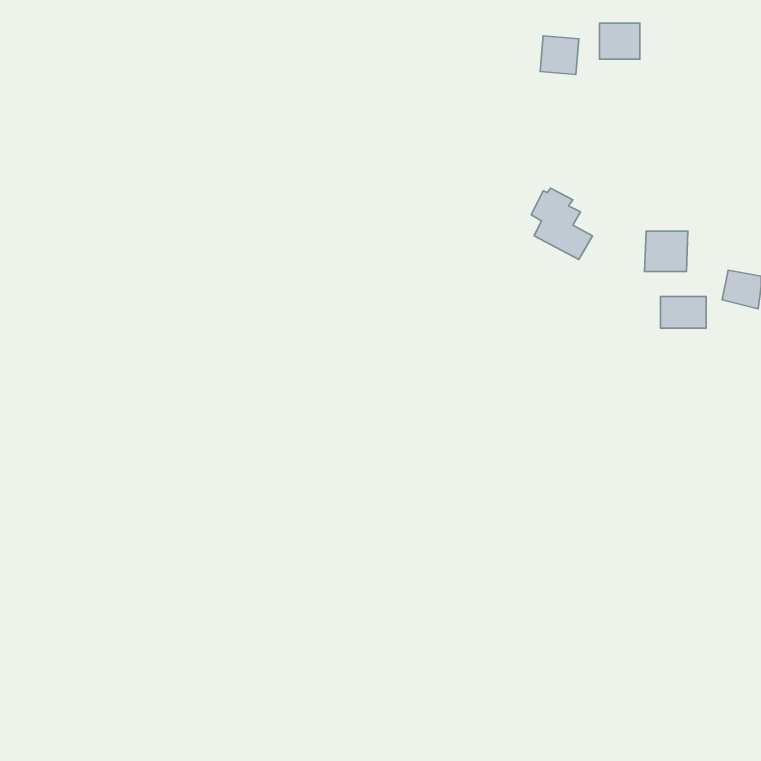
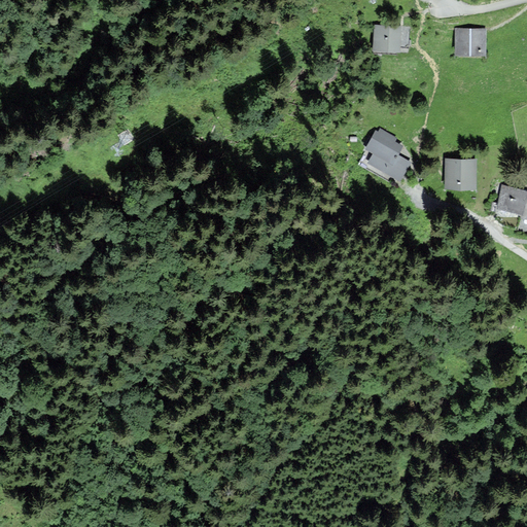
building: [600,23,640,59] -> [456,30,484,55]
building: [661,297,706,328] -> none

